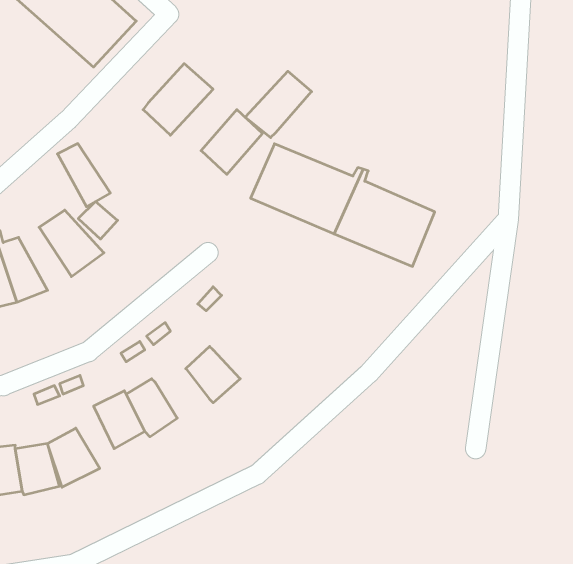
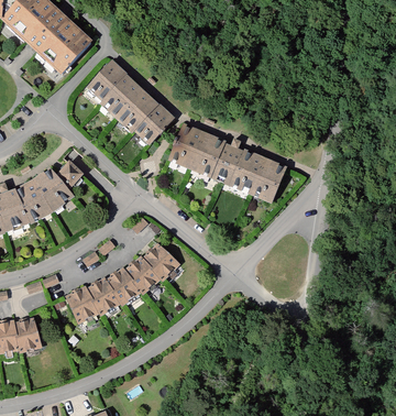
building: none -> [86,58,124,98]
building: [245,71,312,138] -> [116,89,158,132]
building: [57,144,110,207] -> [18,178,52,219]
building: none -> [143,242,179,280]
building: none -> [106,266,141,305]
building: [48,428,100,487] -> none

